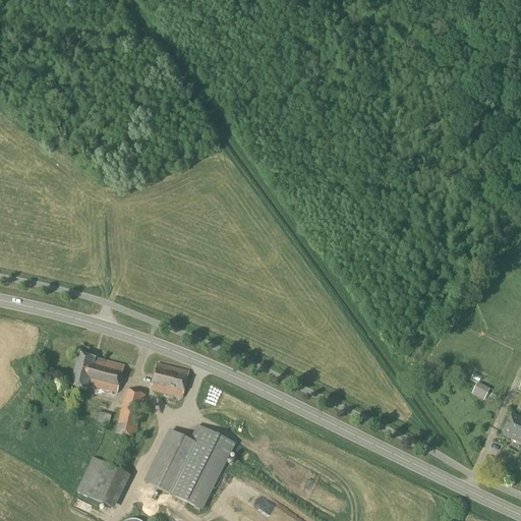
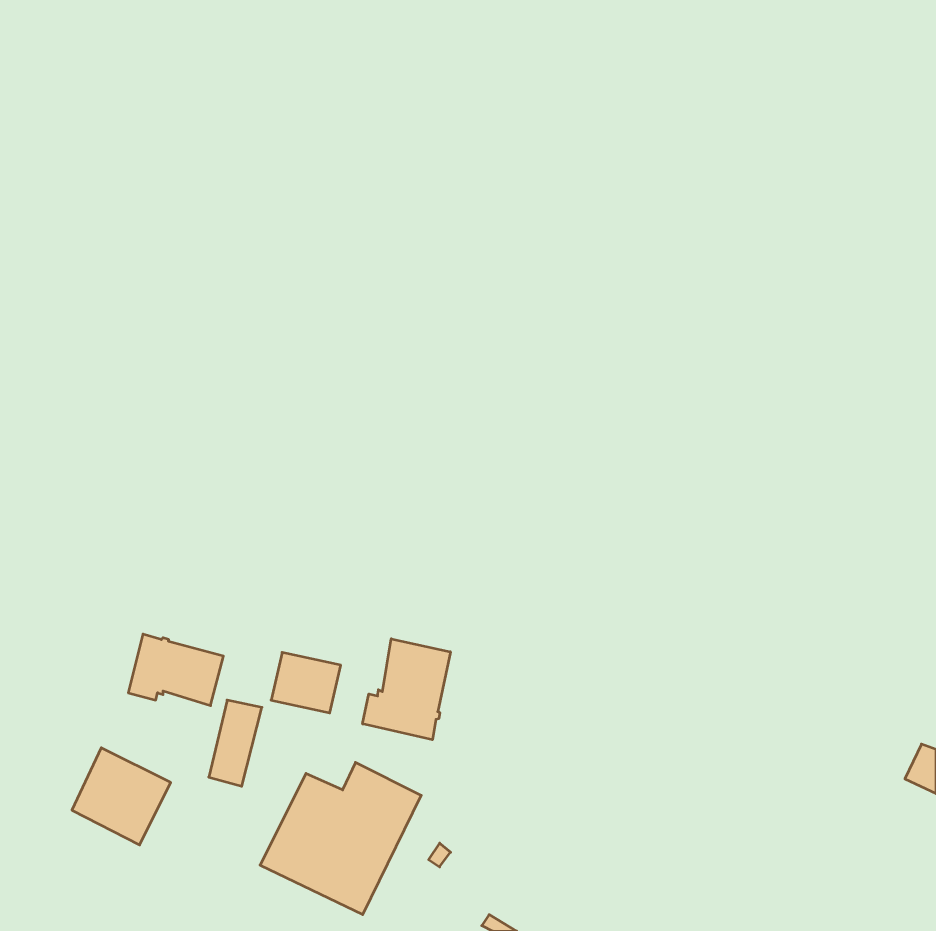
building: none -> [363,639,450,740]
building: [76,455,131,509] -> [72,748,171,845]

